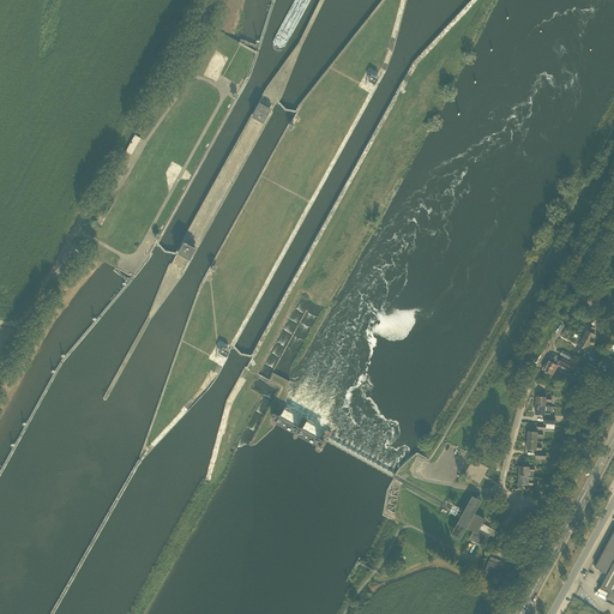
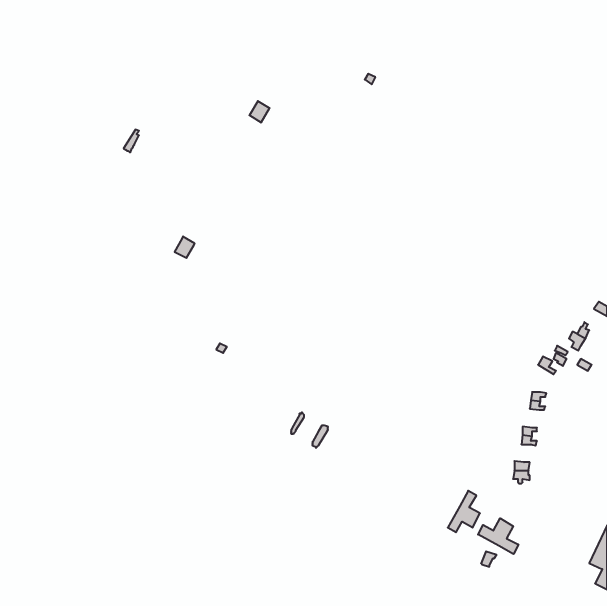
building: none -> [478,518,518,554]

